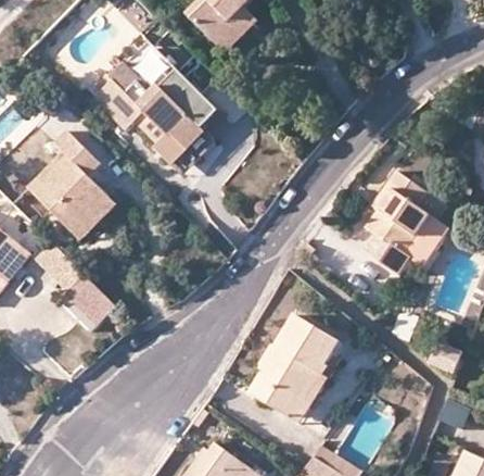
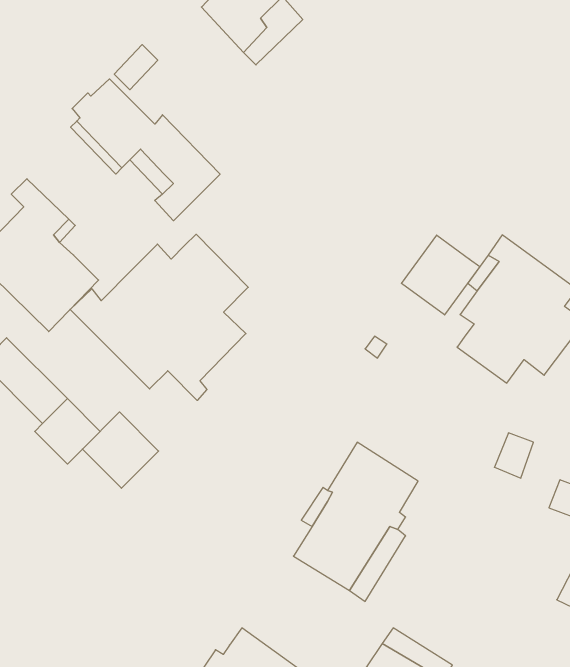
building: [160,71,218,128] -> none
building: none -> [70,234,248,400]
building: none -> [401,235,480,315]
building: none -> [82,412,159,488]

